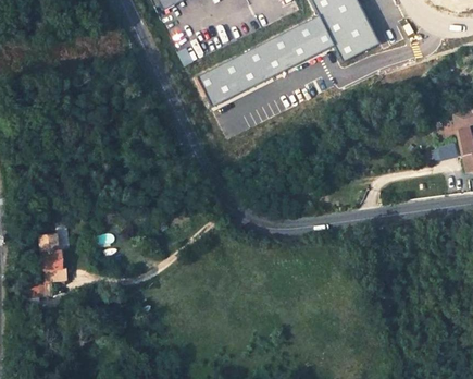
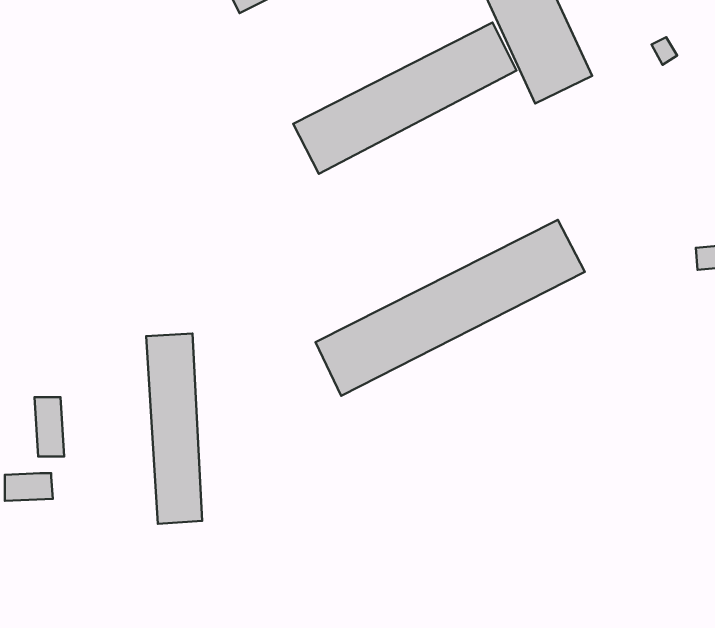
building: none -> [316,220,585,396]
building: none -> [146,333,202,524]

